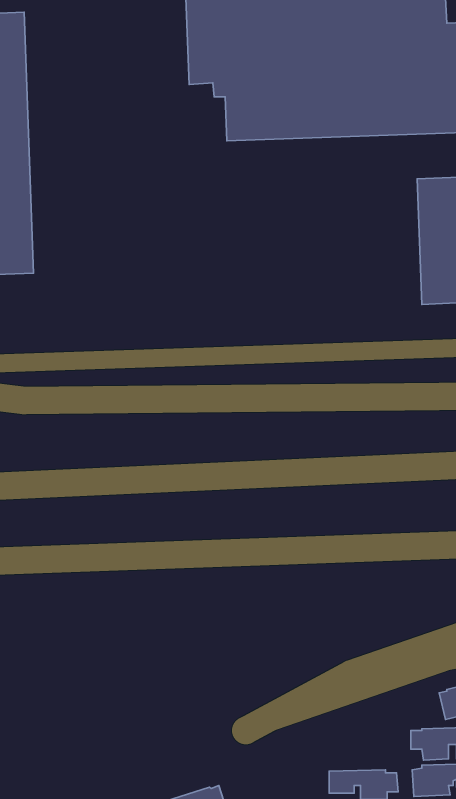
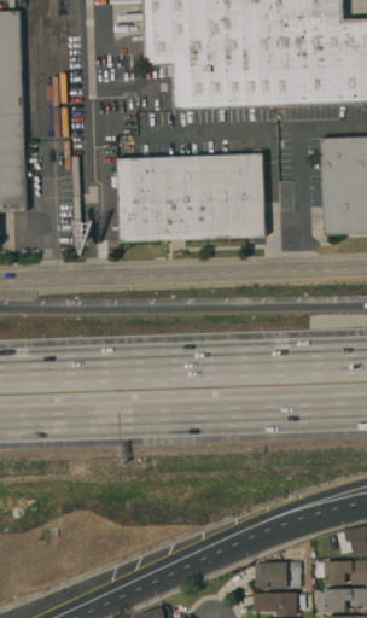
building: none -> [117,148,266,240]
building: none -> [256,555,302,588]

